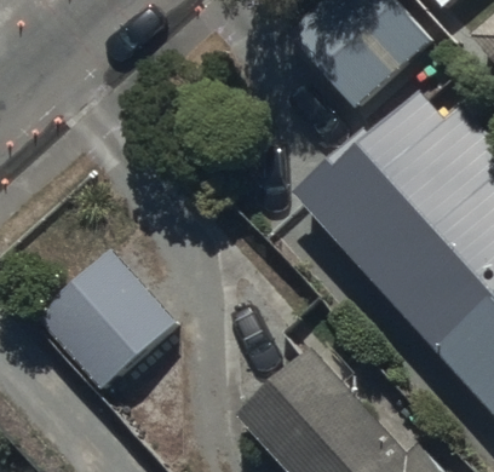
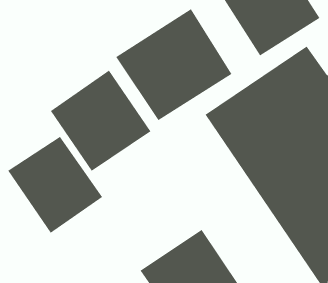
building: none -> [115,8,233,121]
building: none -> [50,70,152,172]

